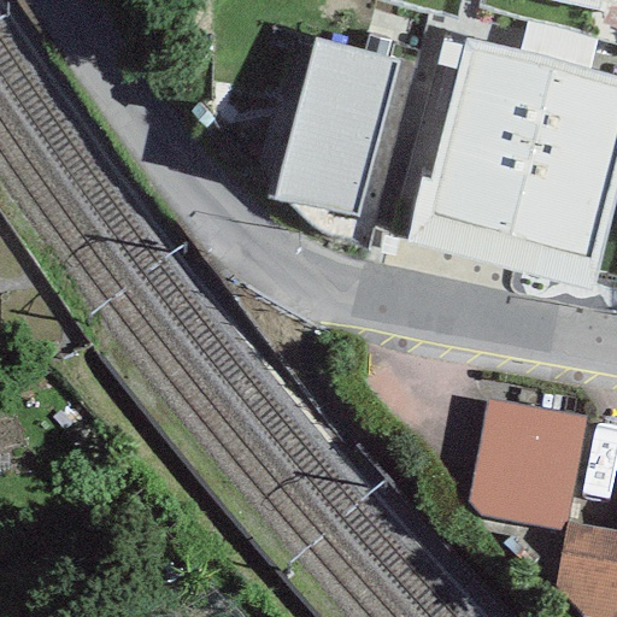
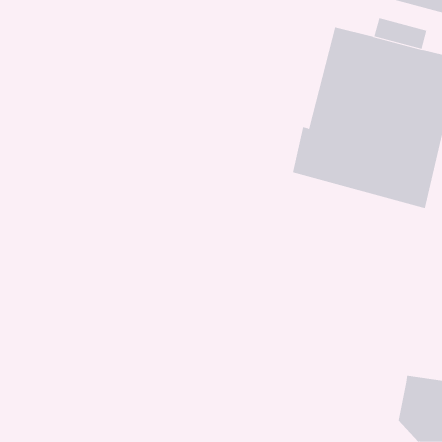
building: [274,36,398,217] -> none
building: [468,399,587,531] -> none

